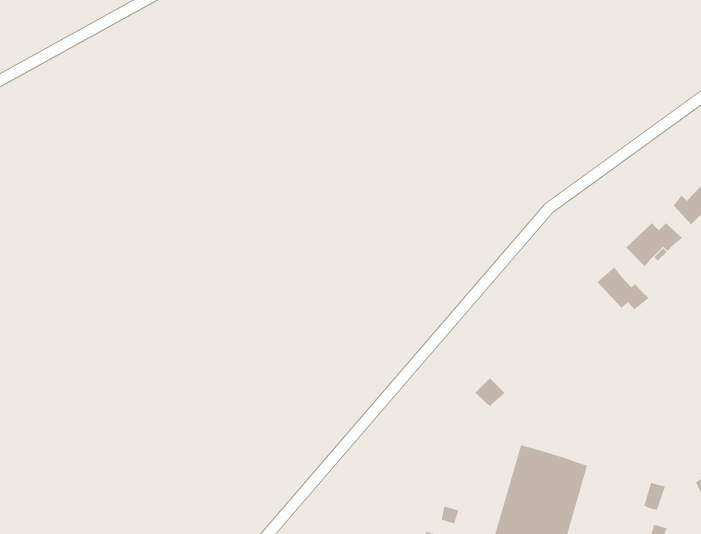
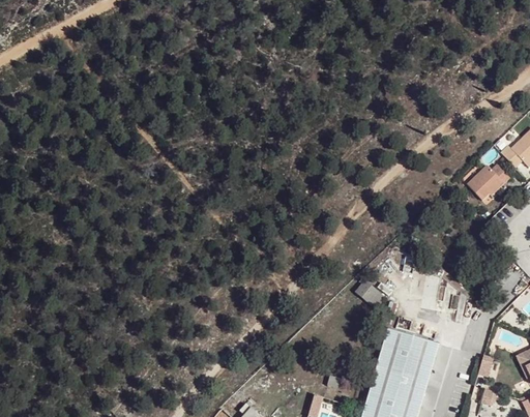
building: [596,266,650,310] -> none

